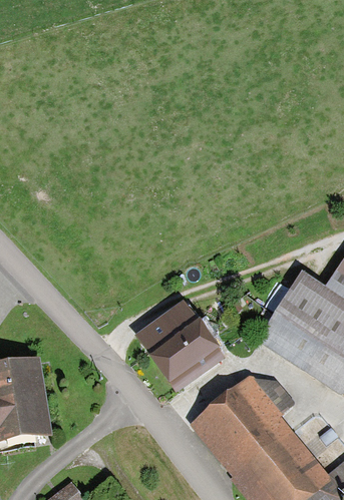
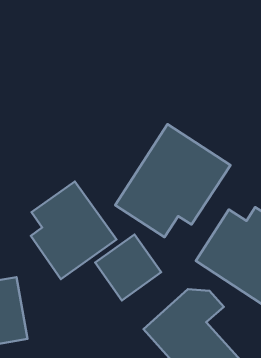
building: none -> [115,124,231,237]
building: none -> [31,182,116,279]

